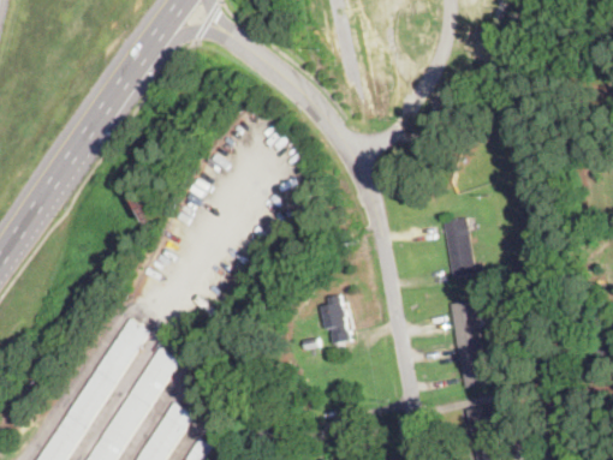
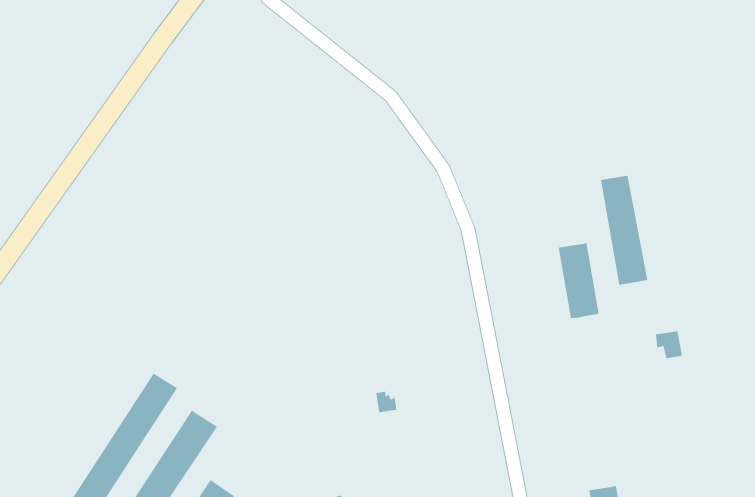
building: [320,297,350,346] -> none
building: [450,303,487,389] -> [600,175,648,286]

